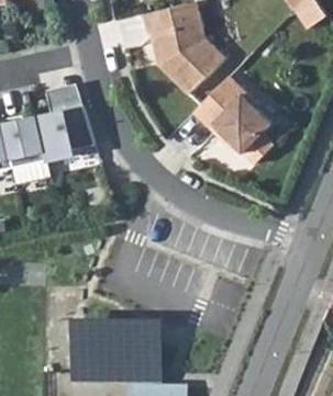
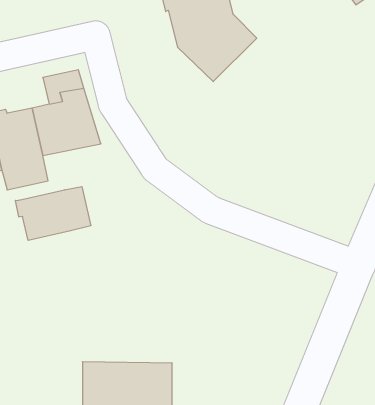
building: [193,75,275,163] -> none
building: none -> [15,187,91,240]

